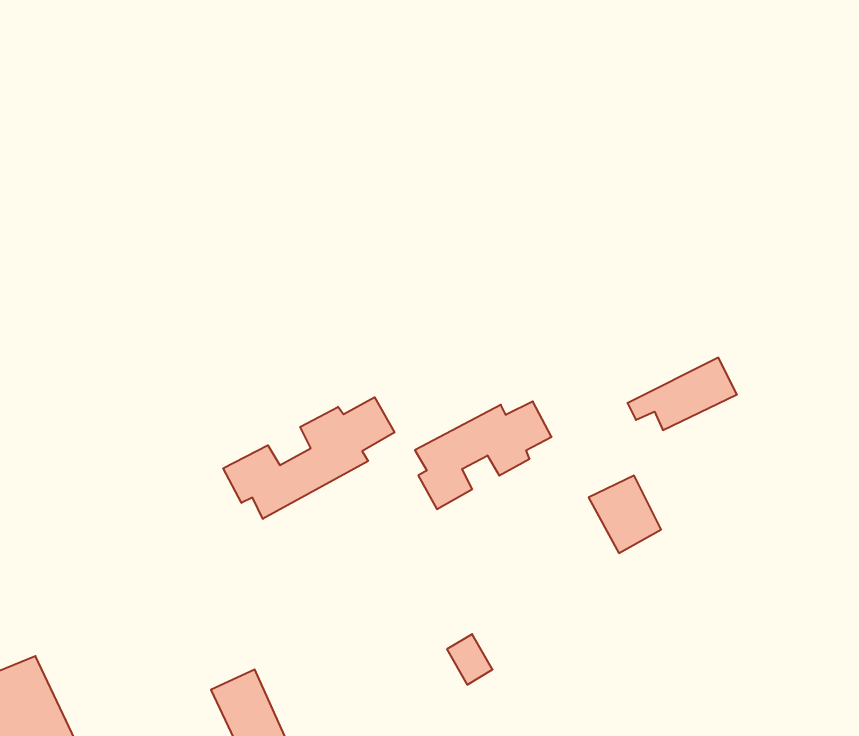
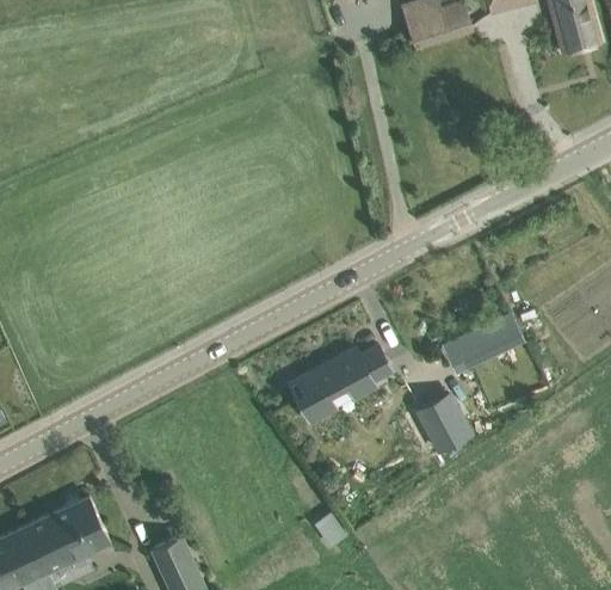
building: [223,397,394,519] -> none
building: none -> [26,496,110,571]

